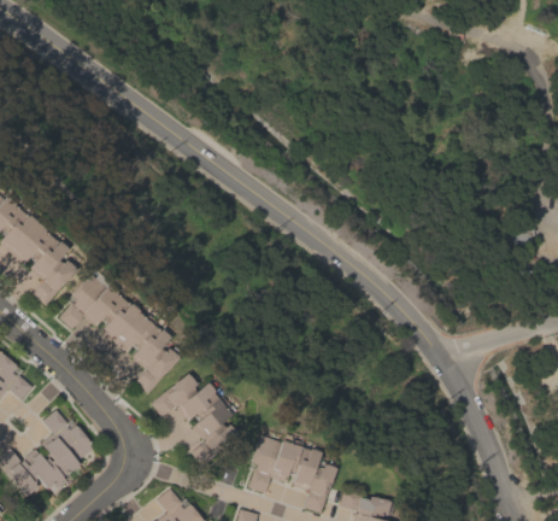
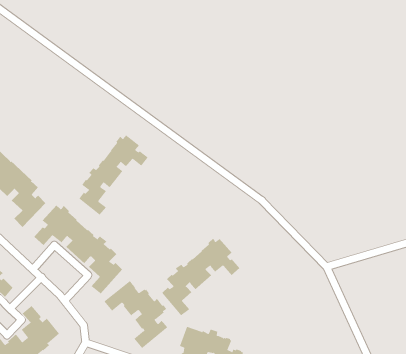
building: none -> [79,135,148,216]
building: none -> [162,238,240,316]

